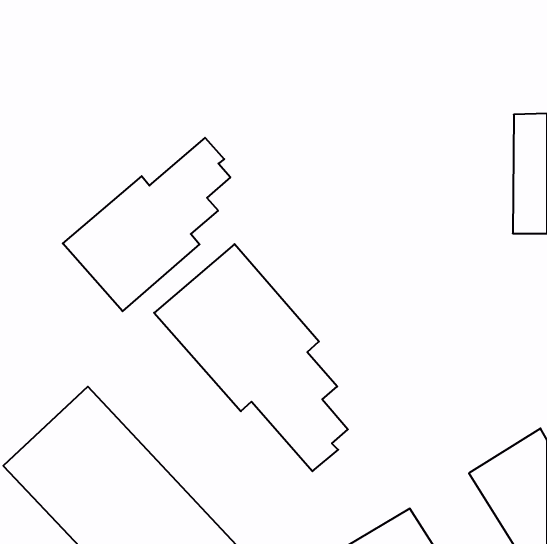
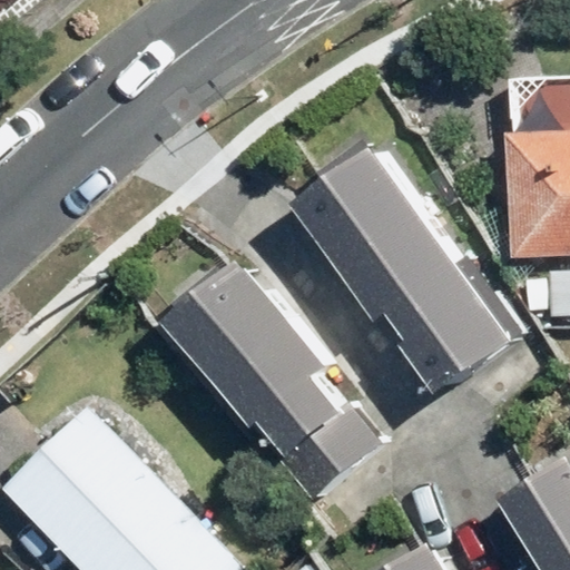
building: [63,138,230,311] -> none
building: none -> [289,149,507,396]

